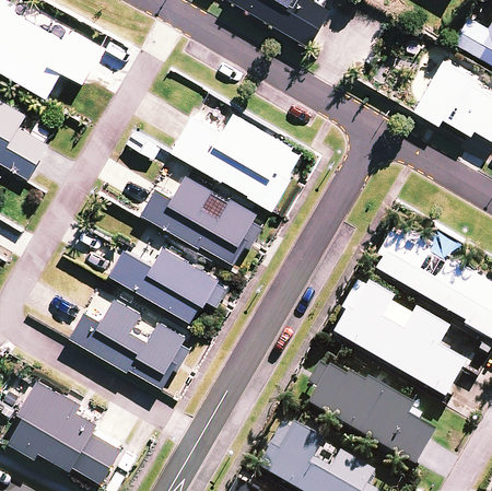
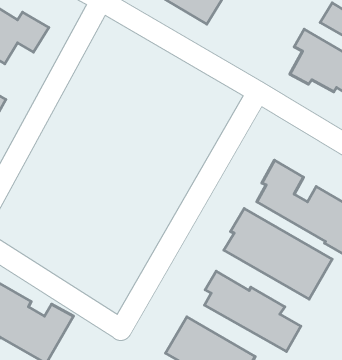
building: [169,101,303,211] -> none
building: [140,165,263,268] -> none
building: [108,242,227,322] -> none
building: [69,297,190,390] -> none

